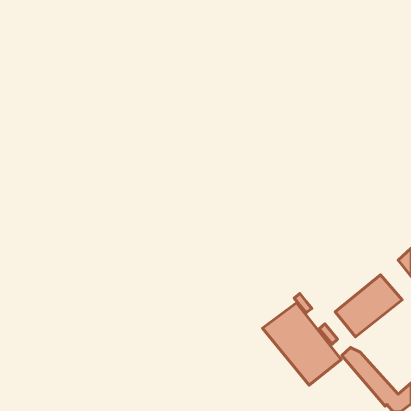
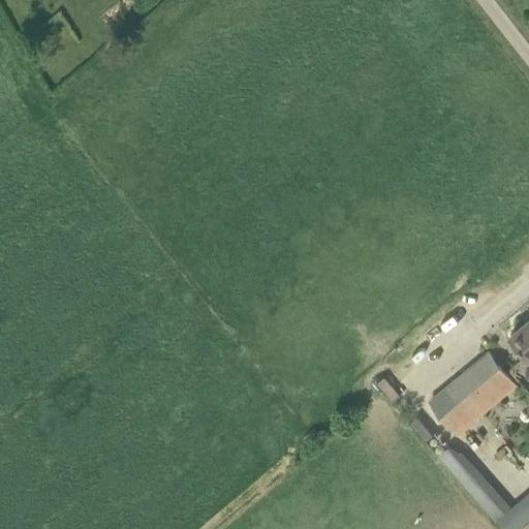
building: [263,303,341,385] -> none

